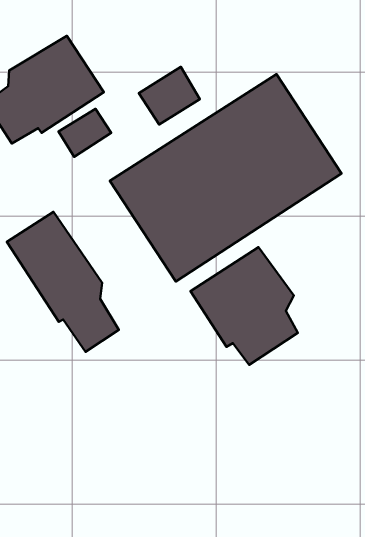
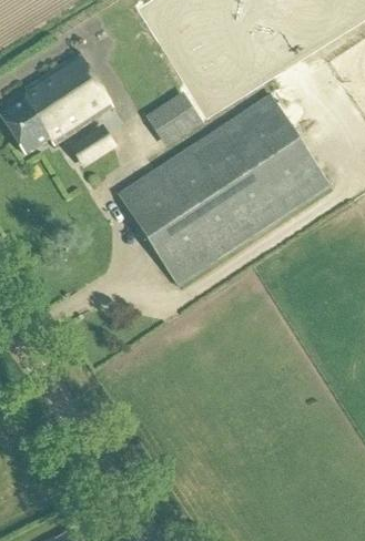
building: [7,212,119,352] -> none
building: [190,247,298,365] -> none

